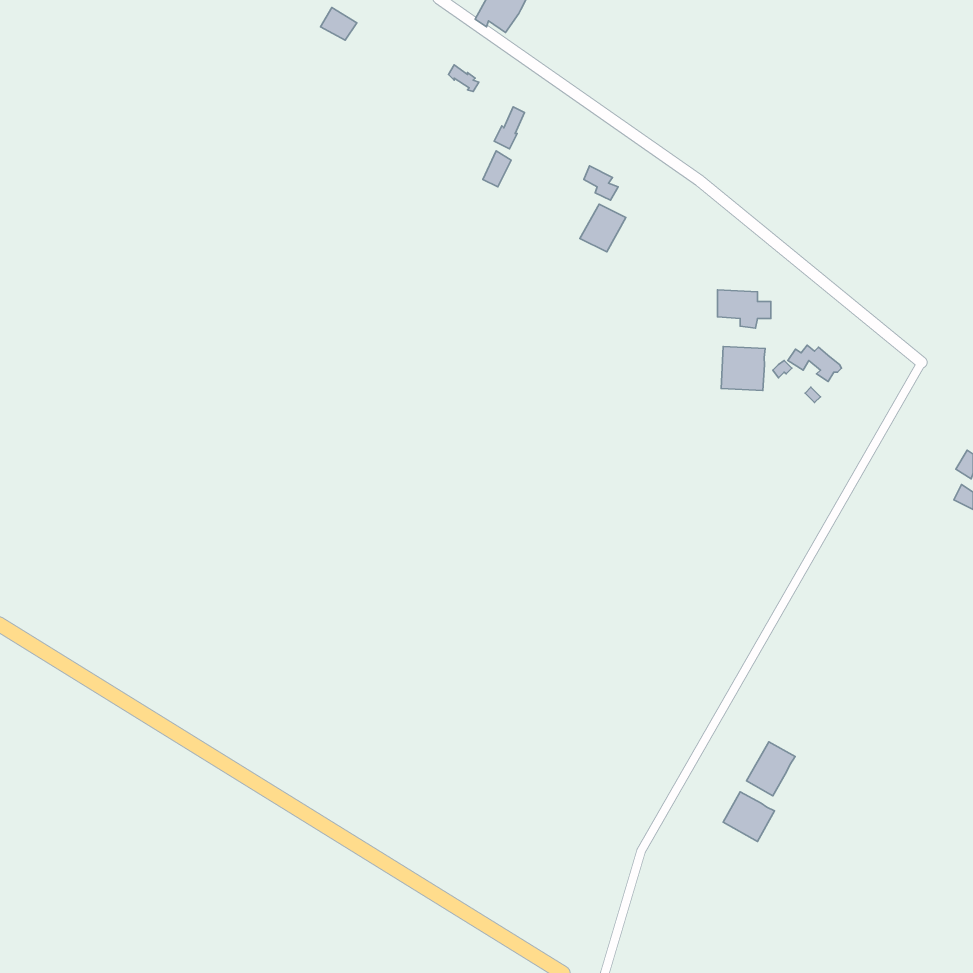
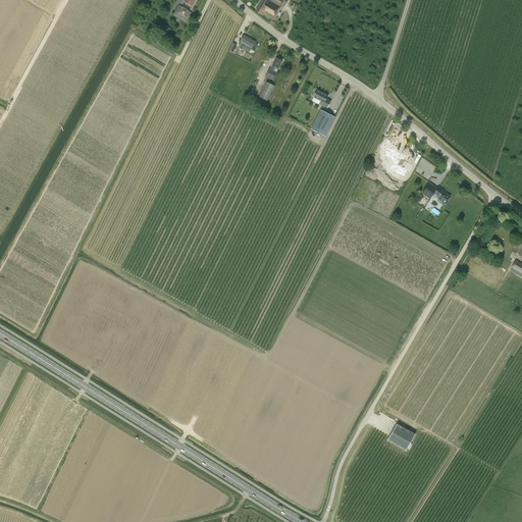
building: [721,346,765,390] -> none
building: [747,742,795,796] -> none

